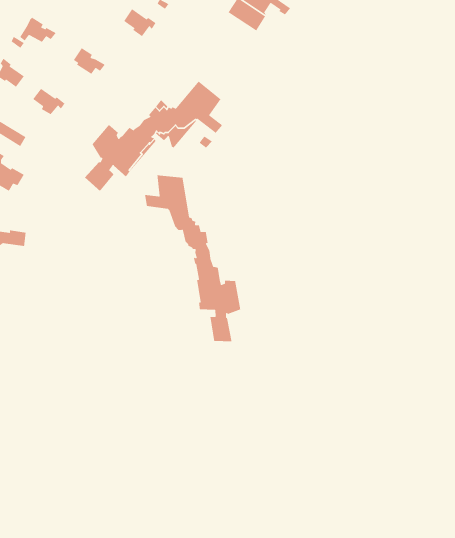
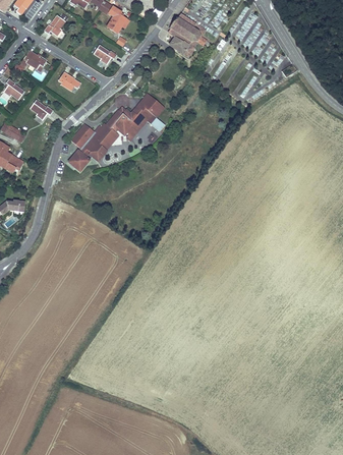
building: [144,174,241,342] -> none

